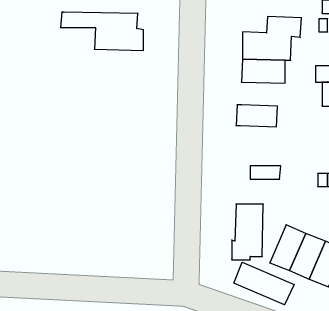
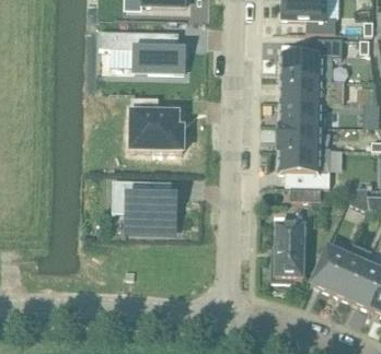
building: none -> [130,99,181,150]
building: none -> [281,103,325,127]
building: none -> [279,146,330,175]
building: none -> [112,180,174,229]
building: [234,262,294,305] -> none

